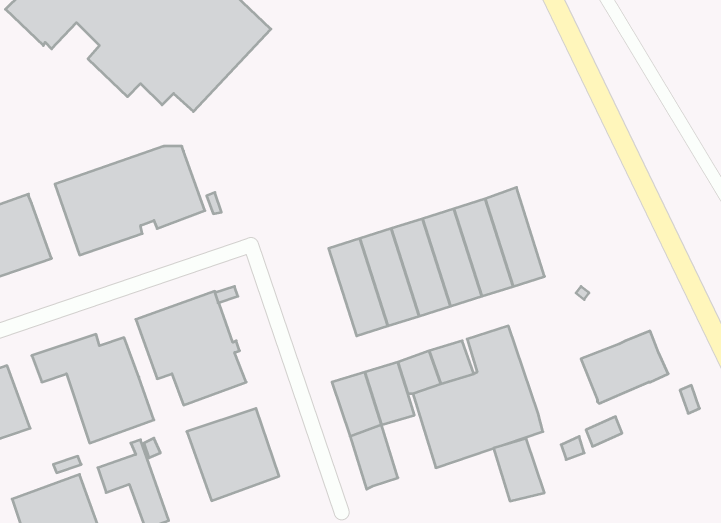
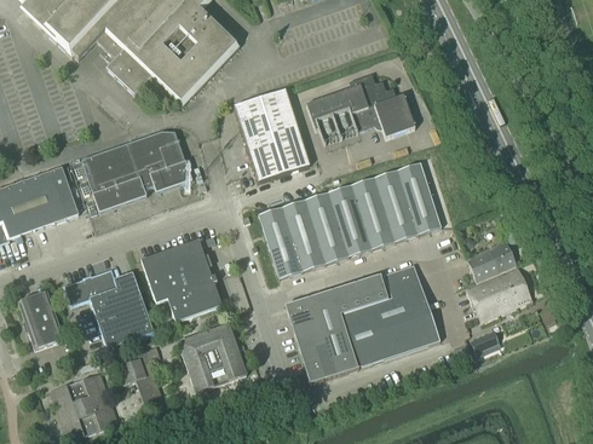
building: none -> [305,73,415,143]
building: none -> [234,88,309,180]
building: none -> [258,206,303,277]
building: none -> [467,241,517,279]
building: [493,438,544,501] -> [321,328,358,374]

